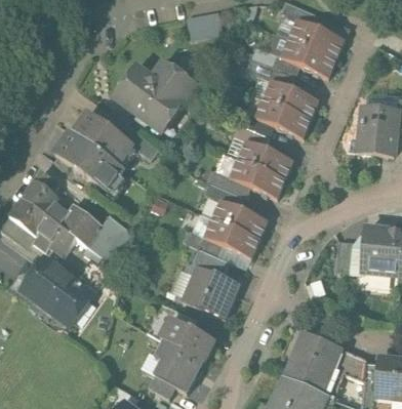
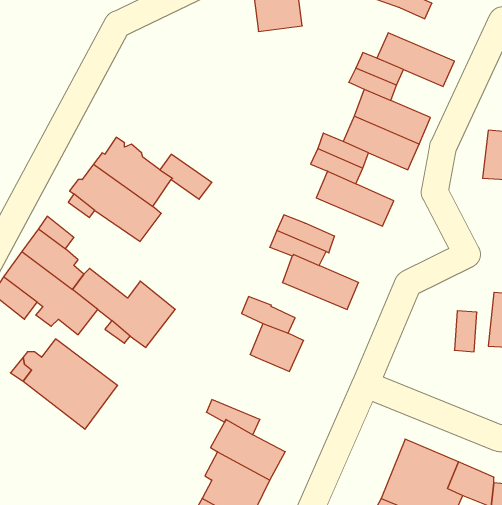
building: [289,18,345,57] -> none
building: [118,65,192,128] -> none
building: [229,157,285,196] -> none
building: [204,218,259,257] -> none
building: [182,273,235,317] -> none

